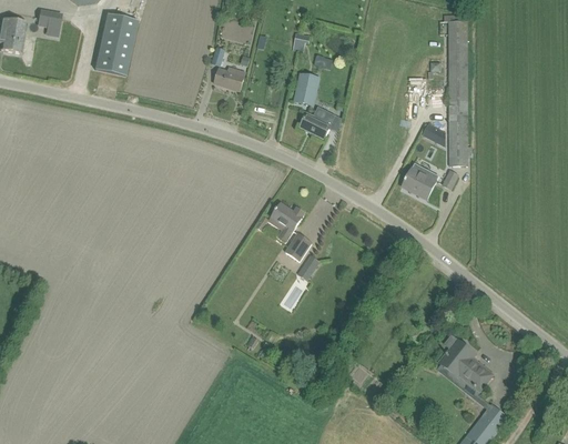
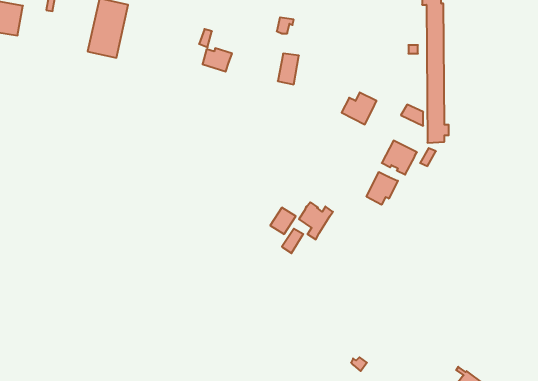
building: [298,107,335,140] -> [342,92,377,124]
building: none -> [367,172,398,205]
building: [268,203,304,242] -> [299,202,333,239]
building: [442,341,493,403] -> none

